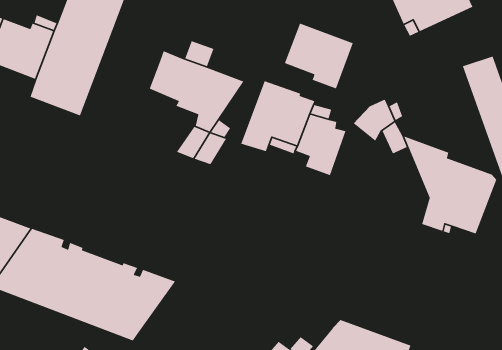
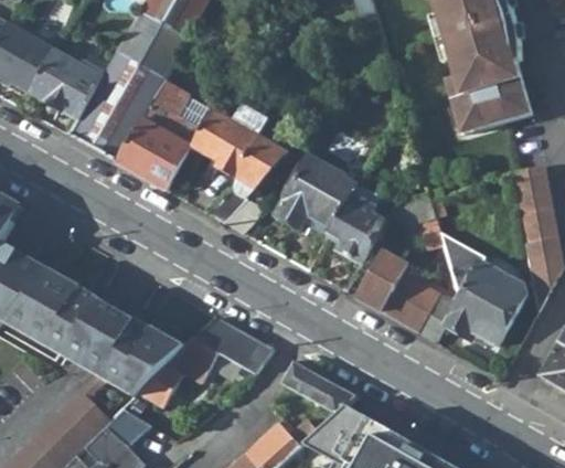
building: [284,22,354,90] -> none
building: none -> [118,81,206,190]
building: none -> [358,249,457,342]
building: none -> [141,317,273,405]
building: none -> [281,360,355,414]

